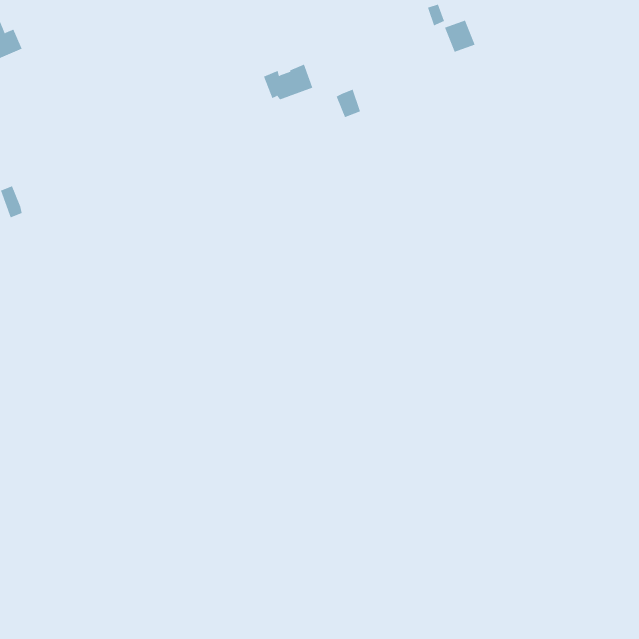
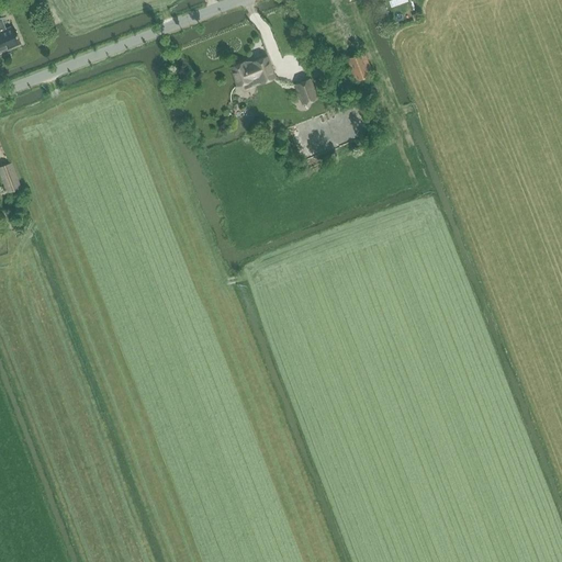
building: [444,20,475,52] -> [345,53,372,81]

